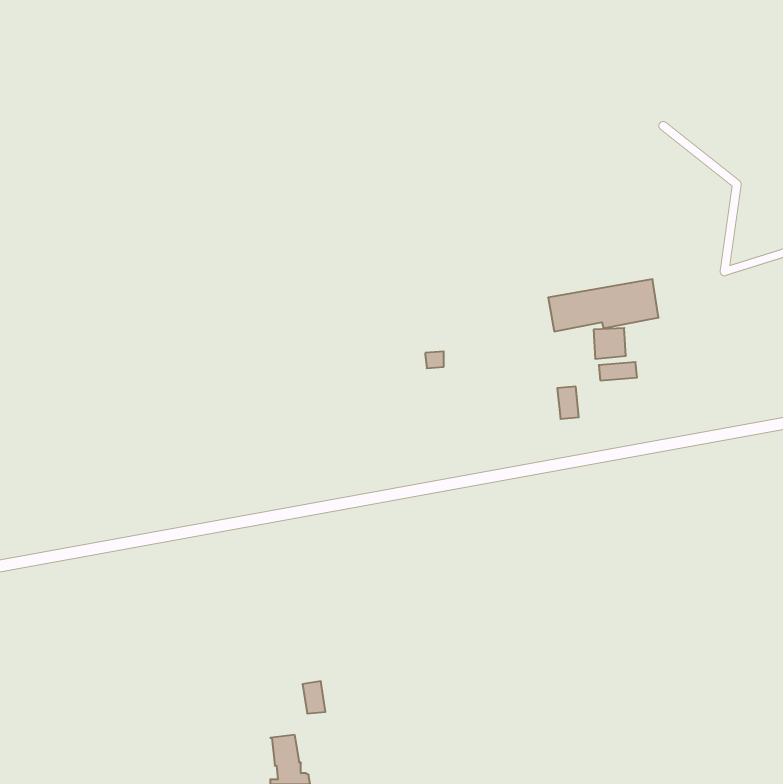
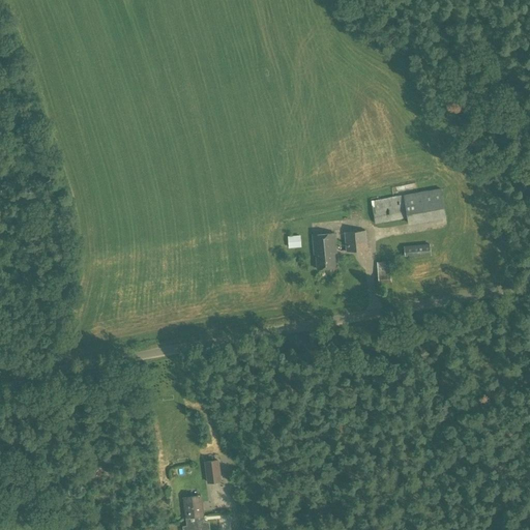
building: [594,328,626,359] -> [344,231,365,252]
building: none -> [312,233,336,268]

